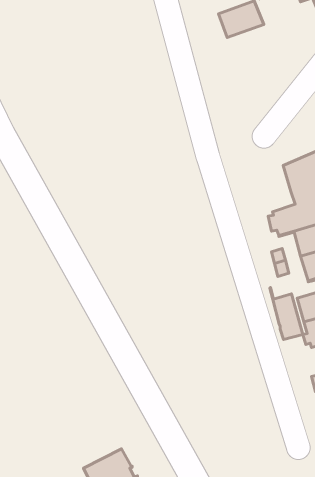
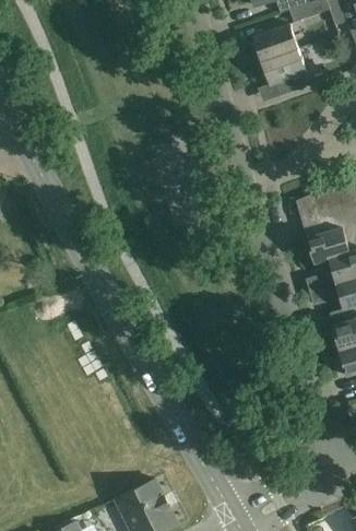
building: none -> [261,48,307,86]
building: none -> [296,191,330,238]
building: [270,288,303,339] -> none

